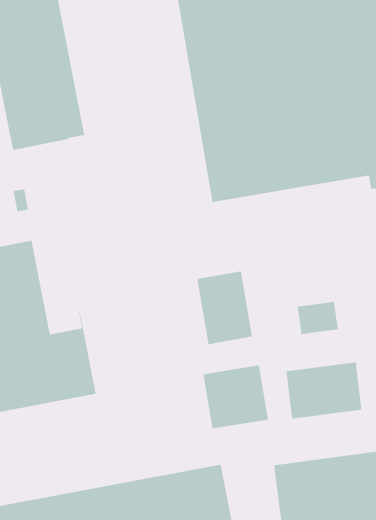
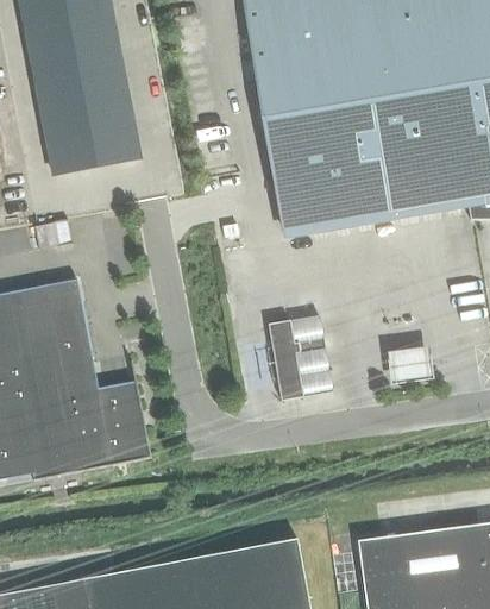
building: [285,361,362,420] -> none
building: [202,365,269,429] -> none

